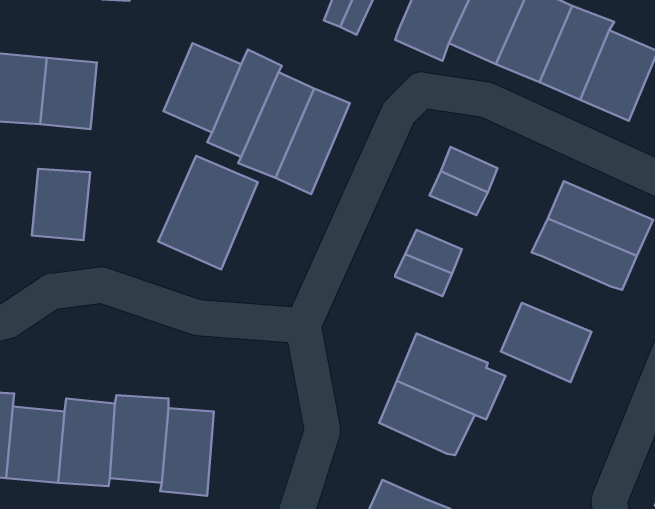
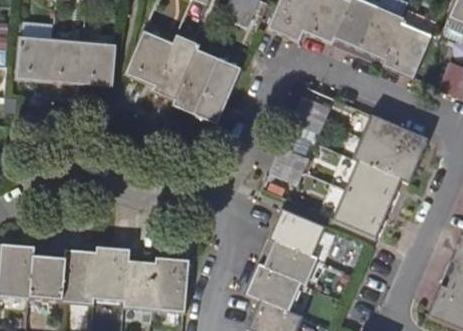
building: [158,156,258,269] -> none
building: [32,169,90,240] -> [81,42,117,86]
building: none -> [347,161,402,208]
building: none -> [153,257,189,311]
building: none -> [246,264,301,311]

